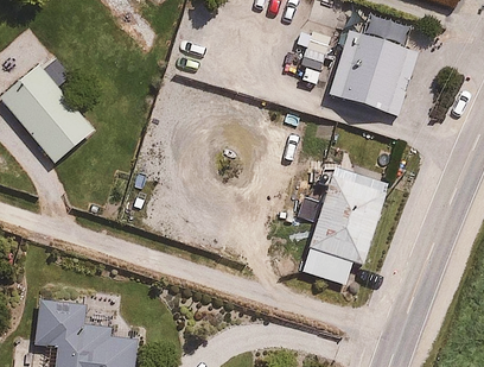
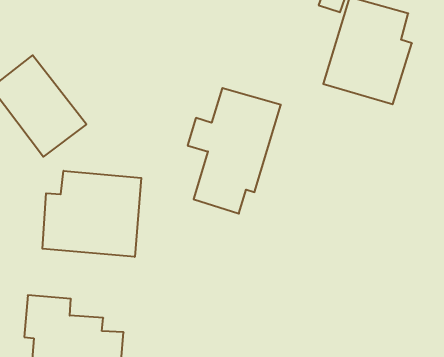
building: [298,160,390,285] -> [188,88,281,214]
building: none -> [42,171,141,257]

